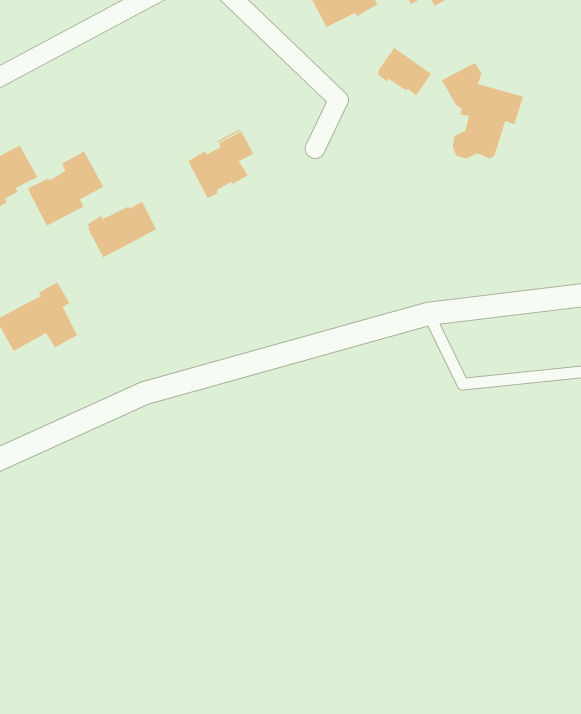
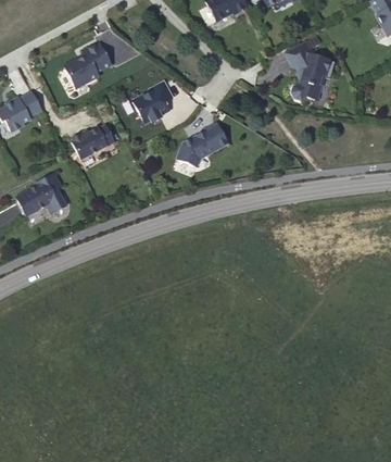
building: [377,47,432,96] -> none
building: [27,151,104,226] -> [62,39,109,85]
building: none -> [177,123,228,167]

